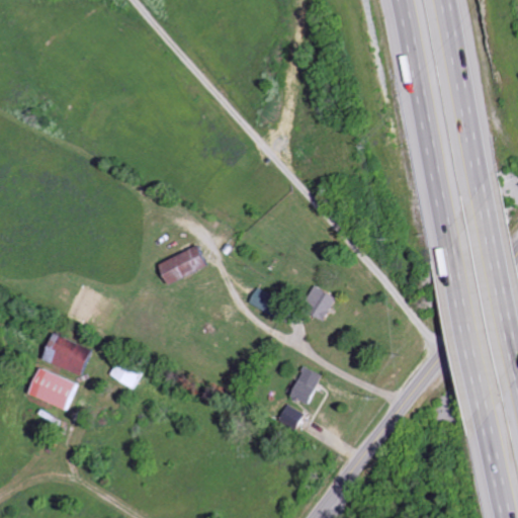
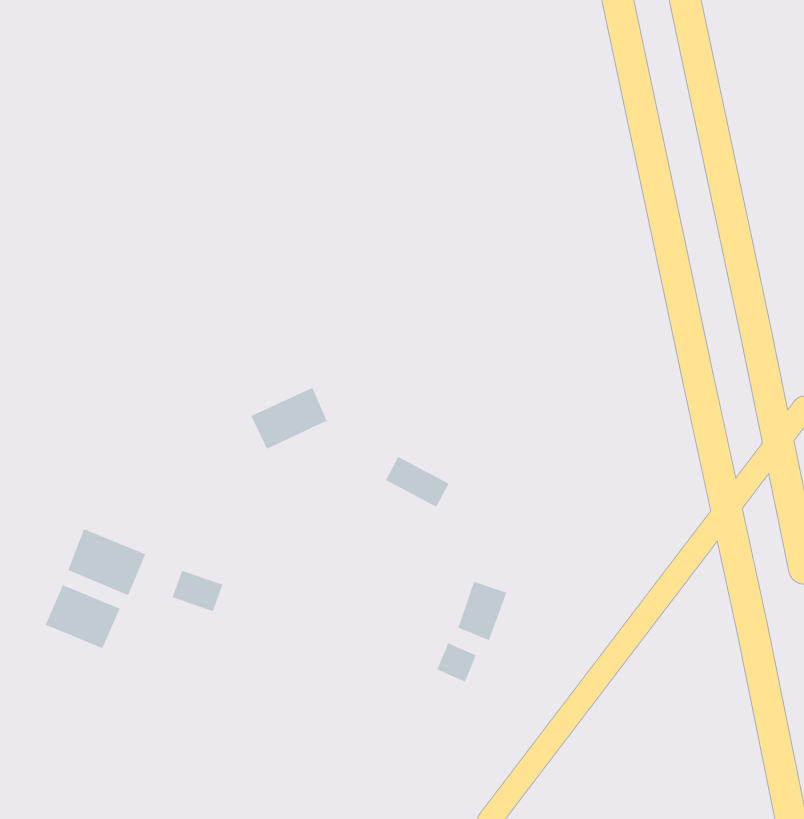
building: [304,285,335,320] -> none

